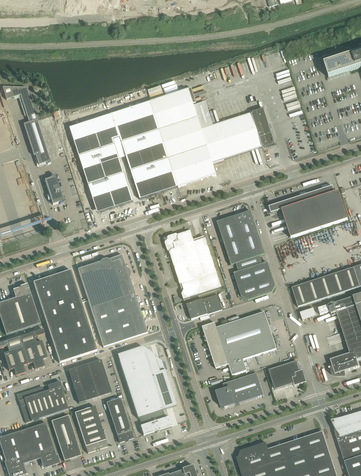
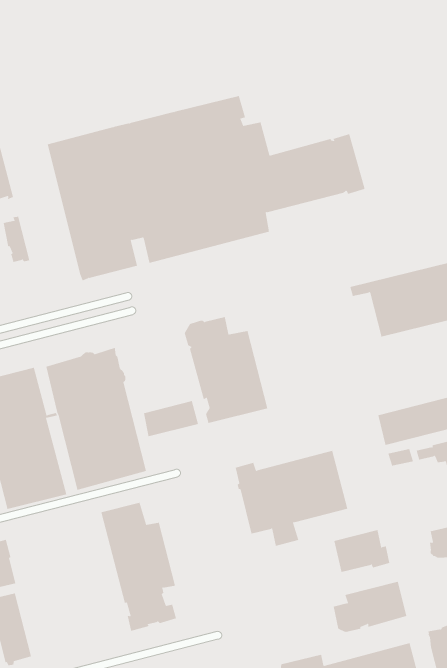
building: [217,209,265,264] -> none
building: [234,260,275,299] -> none
building: [187,293,223,318] -> [143,400,199,437]
building: [68,358,112,401] -> none
building: [216,371,264,406] -> [333,581,407,632]
building: [106,396,134,441] -> none
building: [75,405,108,452] -> none

